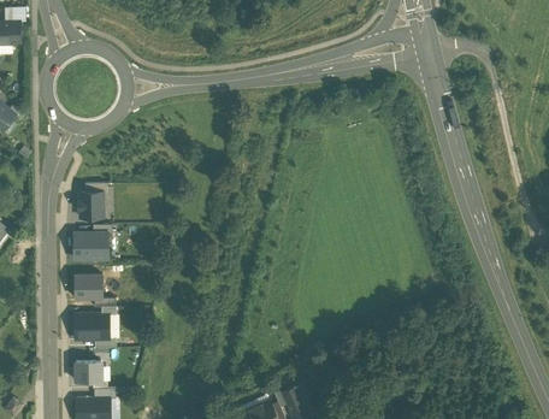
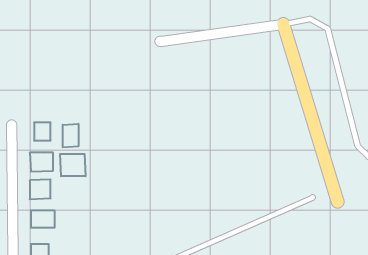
building: none -> [63,124,78,147]
building: none -> [60,154,86,176]

